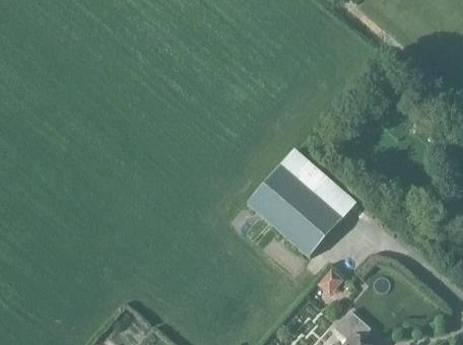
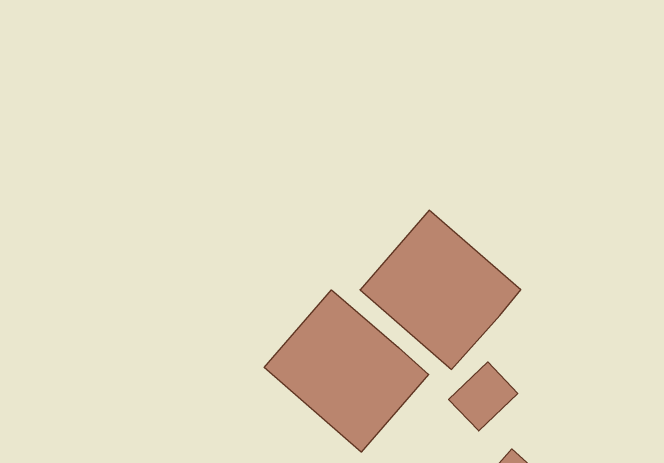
building: none -> [264,290,429,452]

